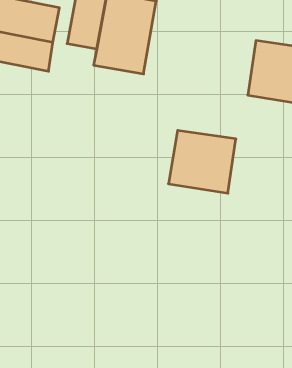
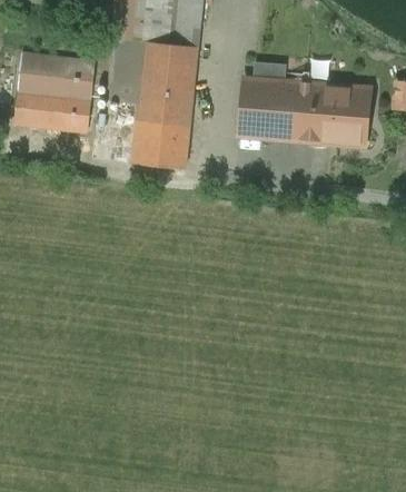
building: none -> [132,120,190,167]
building: [168,130,236,193] -> [239,77,308,140]

